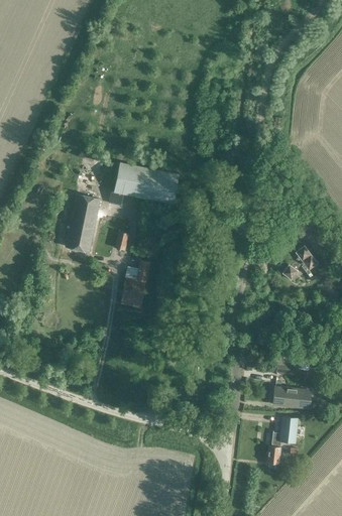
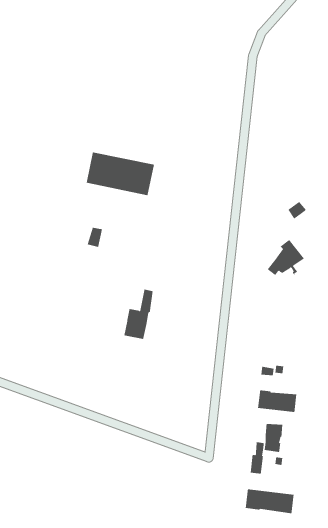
building: [66,196,99,252] -> none
building: [120,260,148,307] -> [123,289,154,340]
building: none -> [245,489,294,514]

